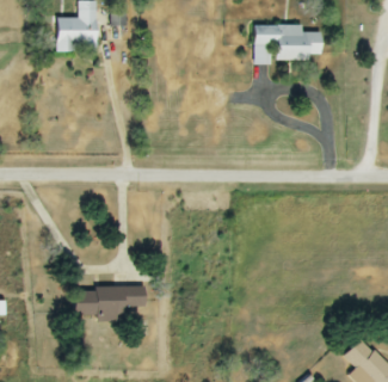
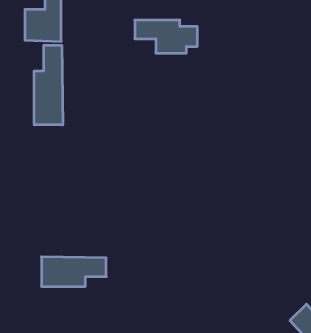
building: [254,25,322,61] -> [135,20,197,53]
building: none -> [34,45,63,125]

